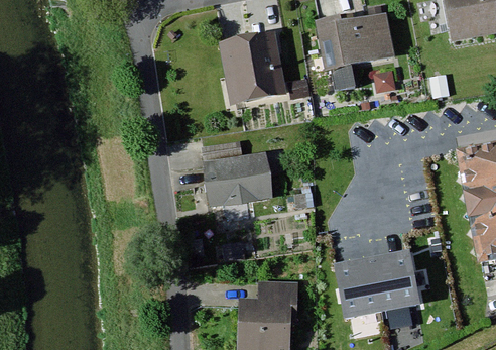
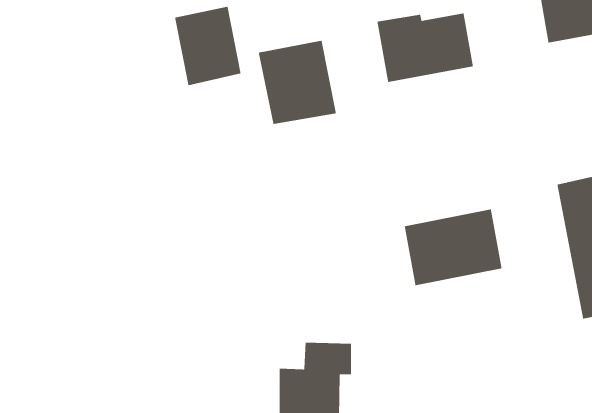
building: none -> [174,6,241,86]
building: [205,155,270,204] -> none
building: [338,255,418,319] -> [404,209,502,286]

